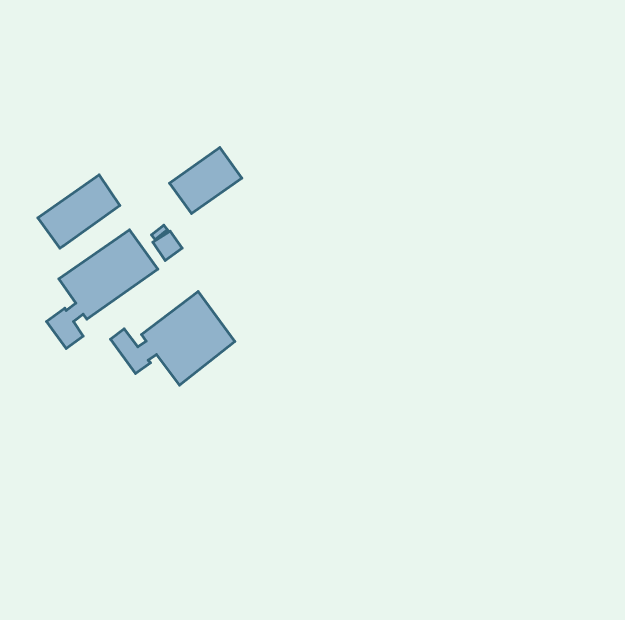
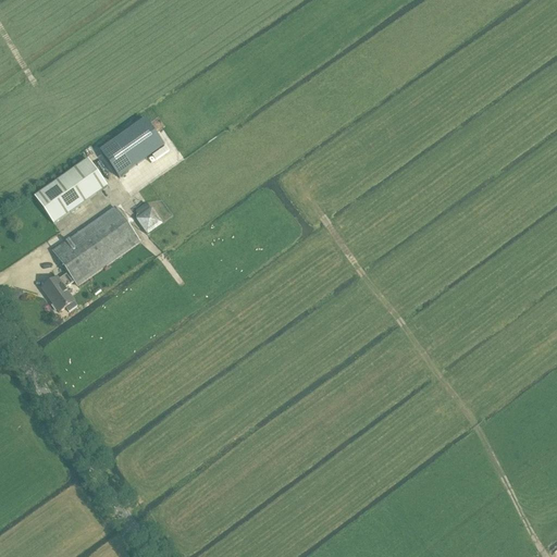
building: [170,148,242,214] -> [100,115,164,174]
building: [110,292,235,385] -> none

